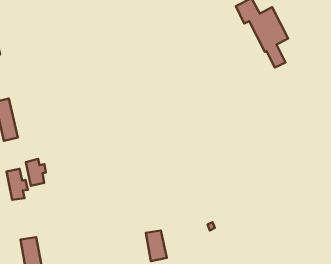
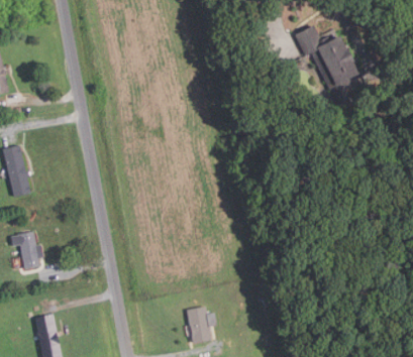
building: [26,159,46,186] -> none

